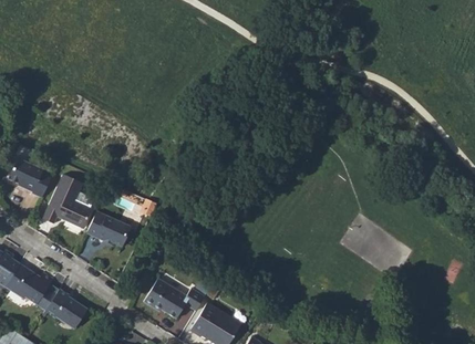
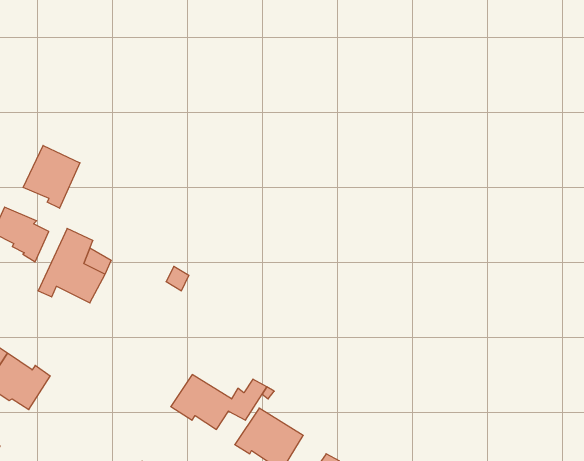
building: none -> [23,145,80,208]
building: [87,209,133,247] -> none
building: [41,289,86,333] -> none

